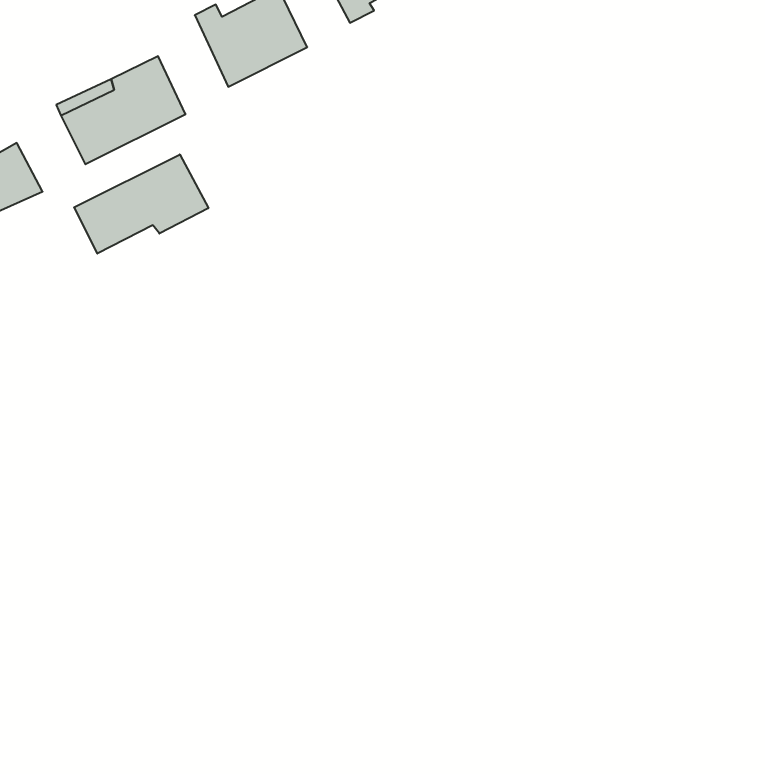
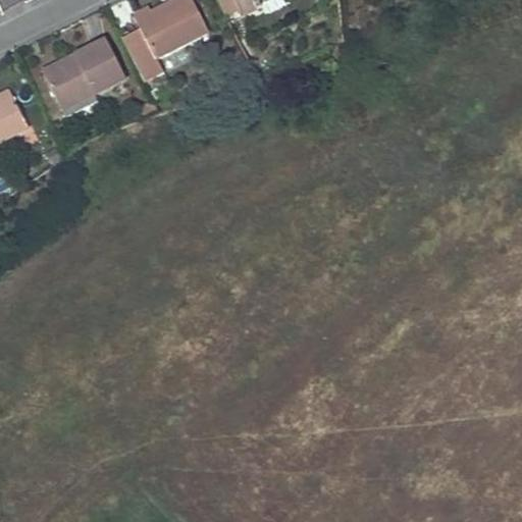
building: [74,154,208,254] -> none

